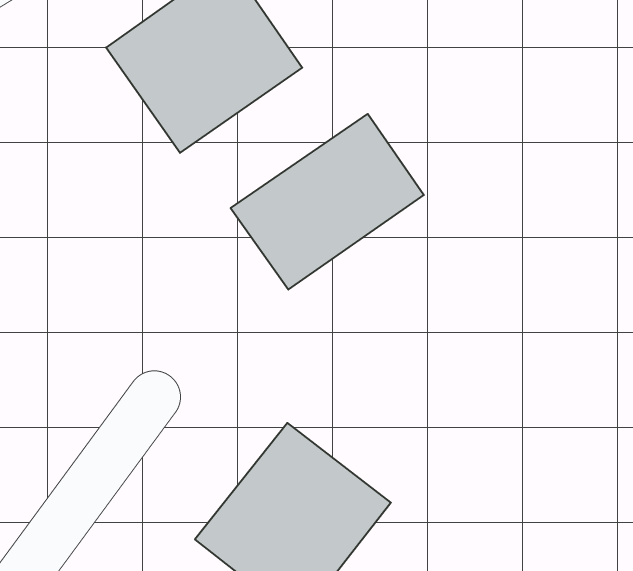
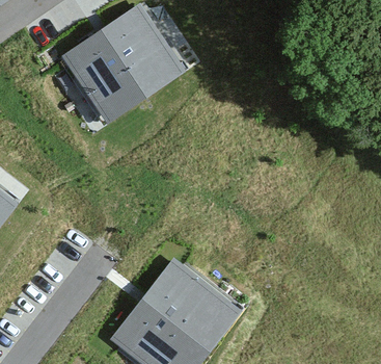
building: [231,114,424,290] -> none

